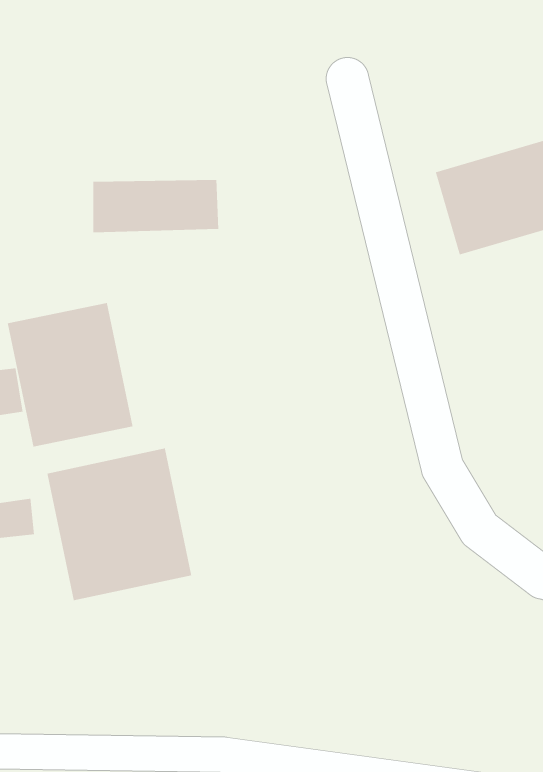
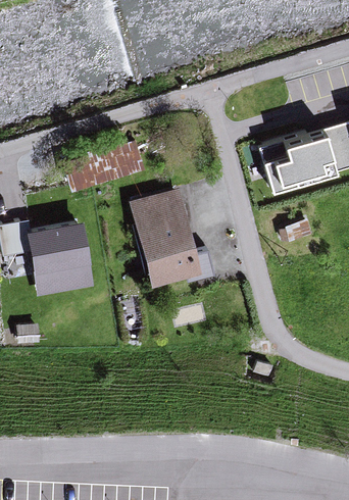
building: none -> [132,194,199,290]
building: [46,448,192,601] -> none

